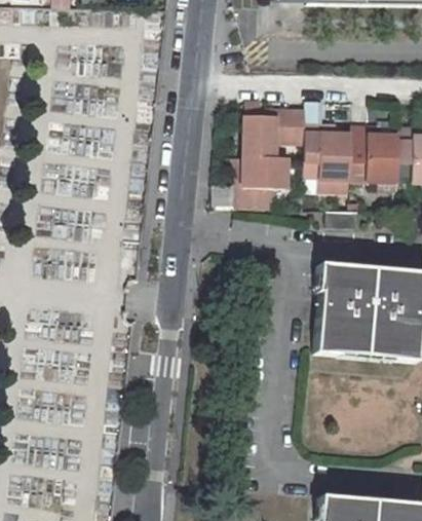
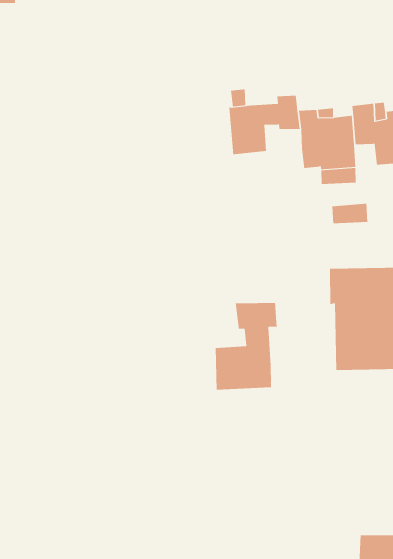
building: [240,157,289,210] -> none
building: none -> [215,302,277,390]

